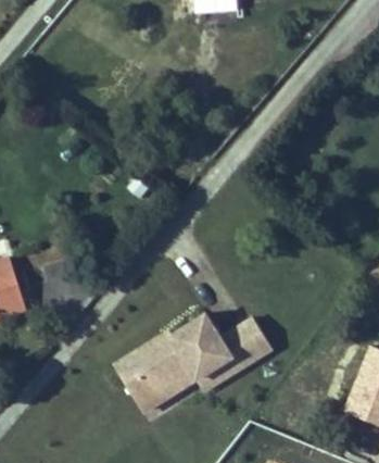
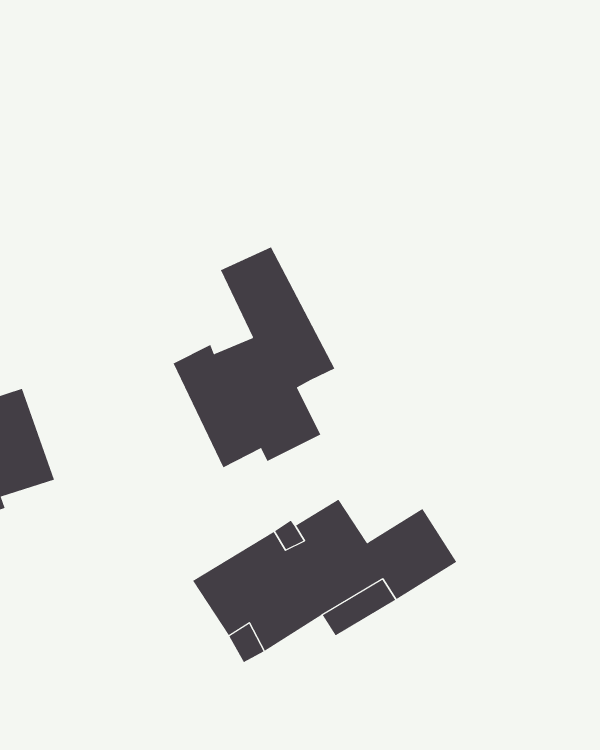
building: none -> [173,246,335,468]

